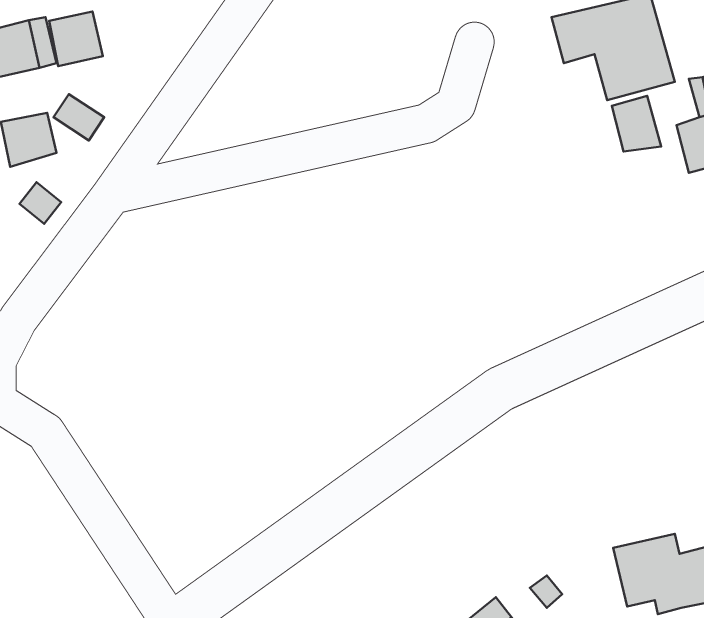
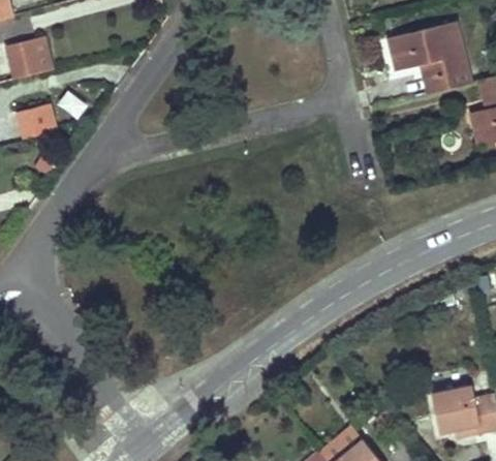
building: [49,11,103,66] -> none
building: [612,96,661,152] -> none

